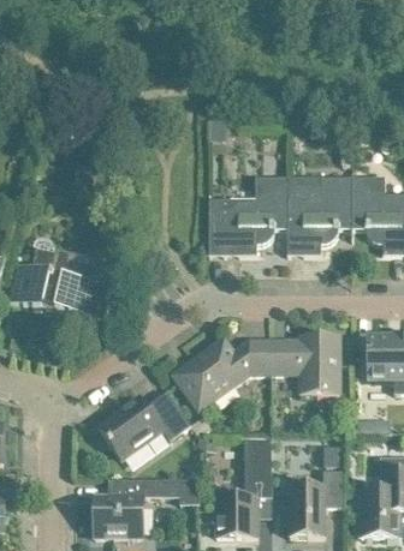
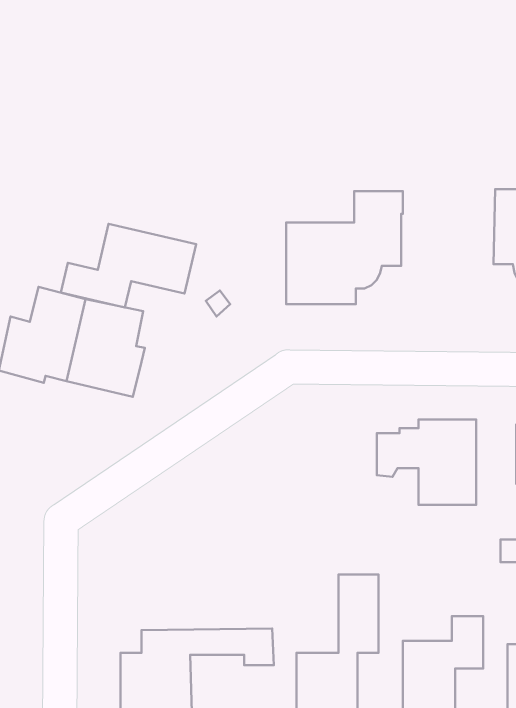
building: [286,176,352,256] -> none
building: none -> [61,224,196,307]
building: [173,339,271,411] -> none
building: [99,391,191,460] -> none

